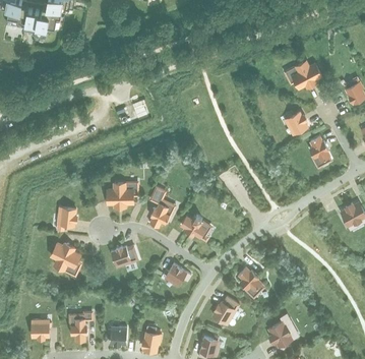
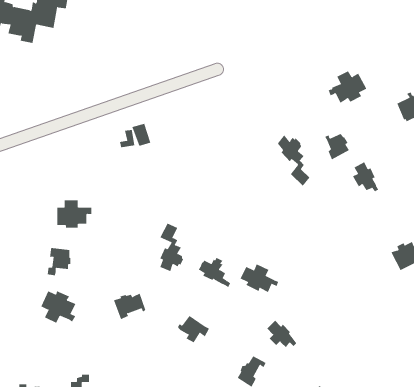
building: none -> [277,134,310,187]
building: [108,182,137,205] -> [57,200,92,228]
building: none -> [240,264,279,293]

